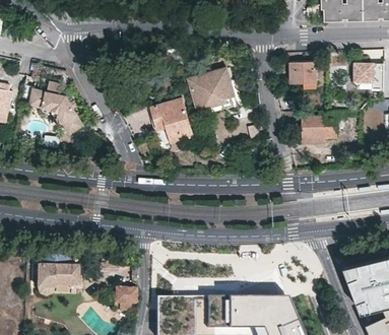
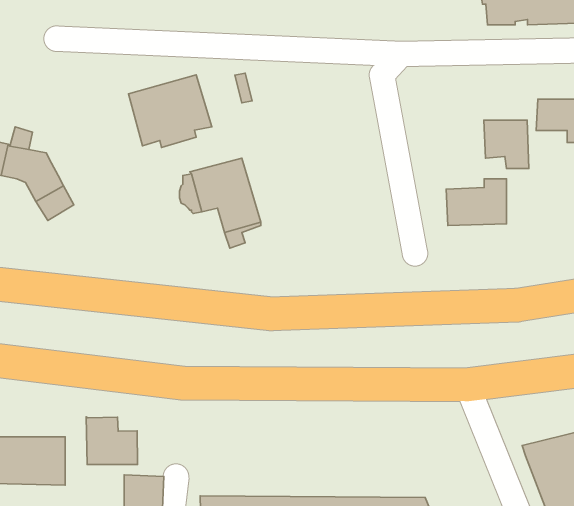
building: [289,62,316,90] -> [484,120,529,169]
building: [188,67,237,110] -> [129,75,212,148]
building: none -> [86,417,138,464]

